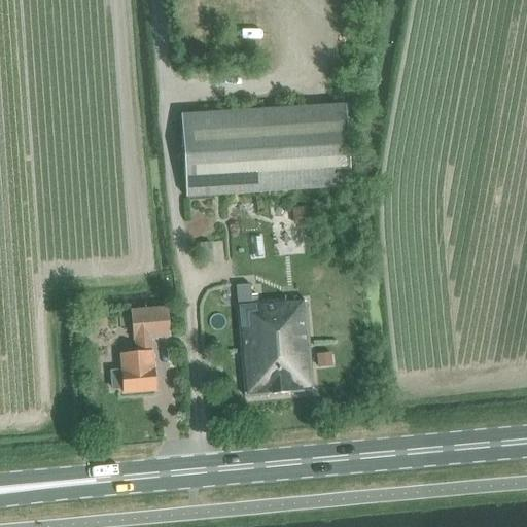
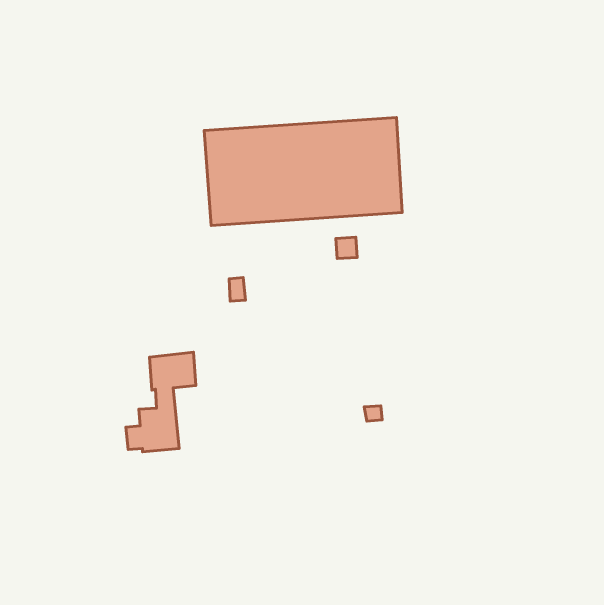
building: [238,293,314,394] -> none

